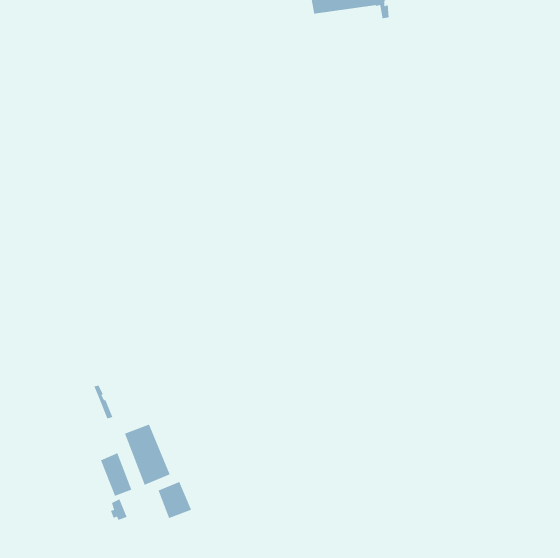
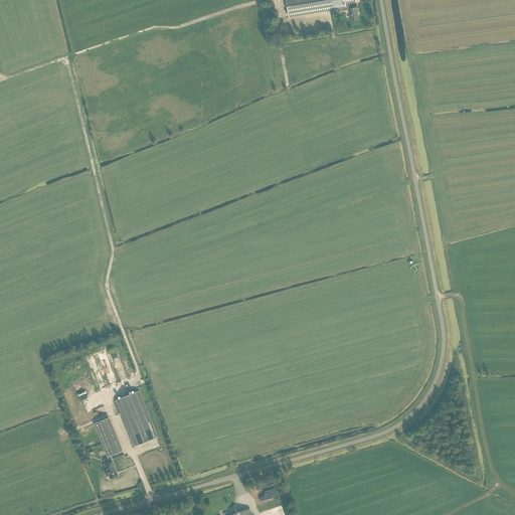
building: [158,481,192,519] -> none

